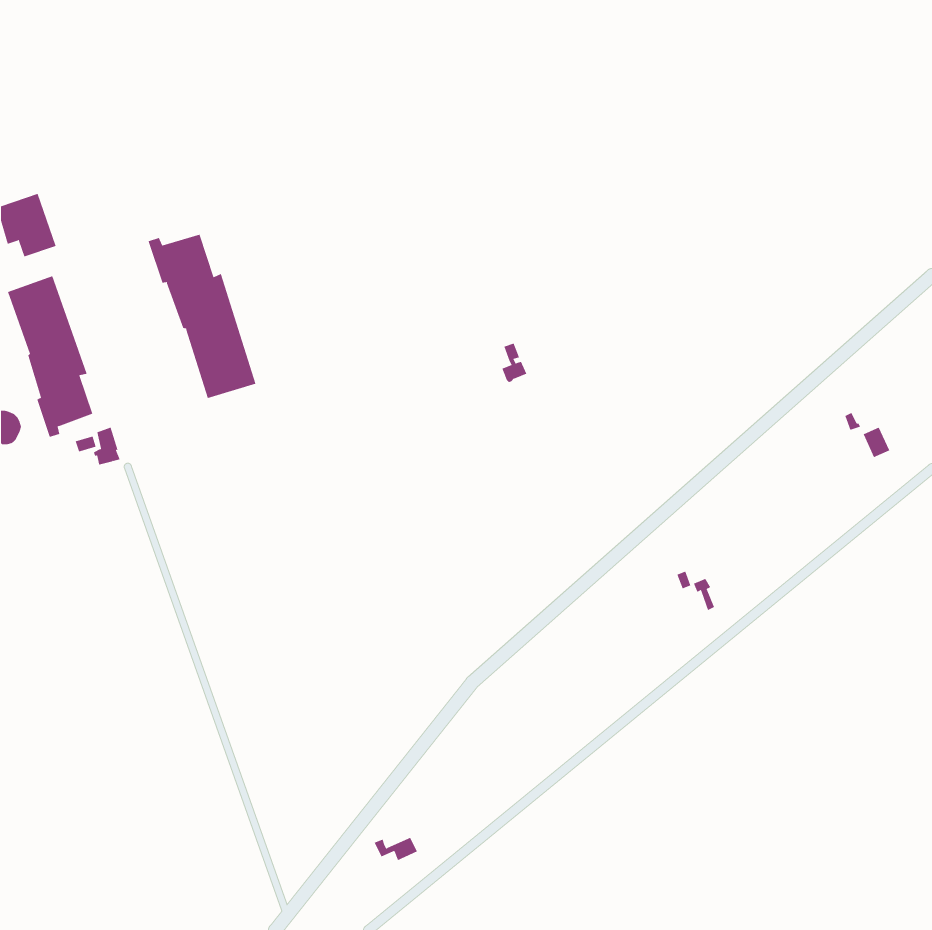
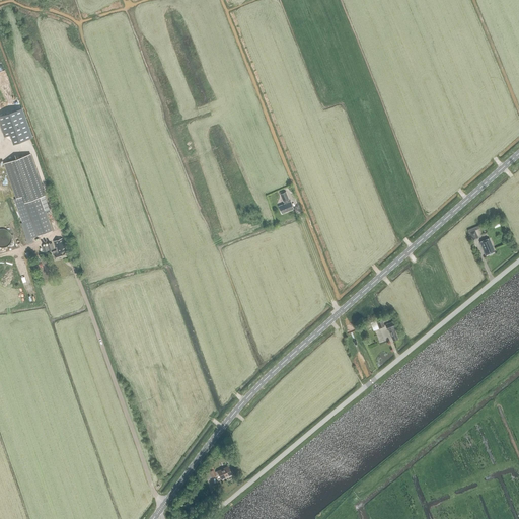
building: [148,234,256,399] -> none

